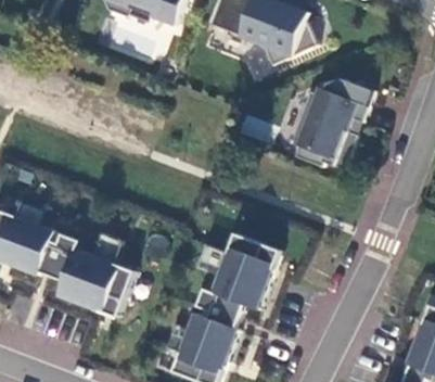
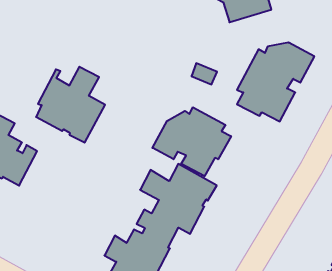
building: none -> [152,107,231,176]
building: [57,232,133,317] -> [36,67,105,143]

